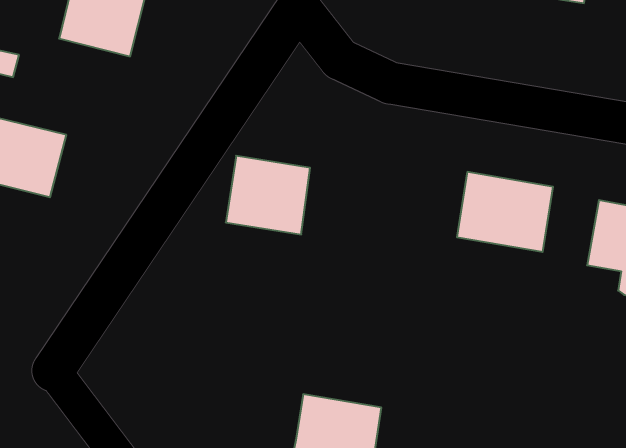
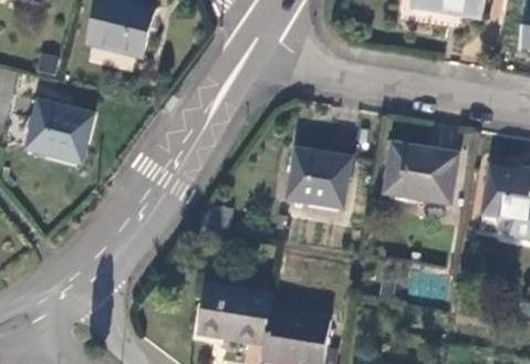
building: [226,156,310,234] -> [287,150,350,209]
building: none -> [198,287,272,345]

